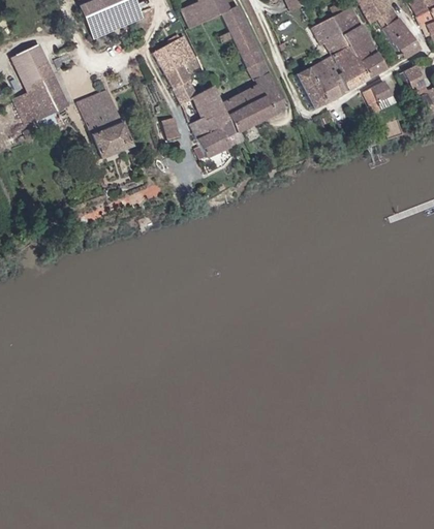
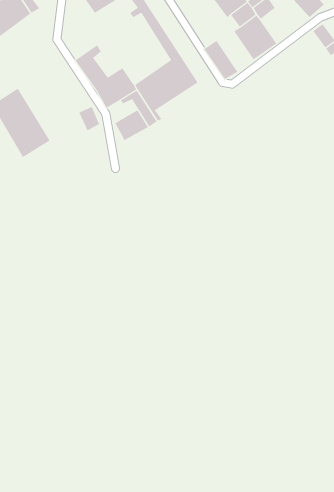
building: [155,33,197,69] -> none
building: [354,44,383,80] -> none
building: [310,62,342,102] -> none
building: [364,84,394,112] -> none
building: [191,115,222,136] -> none

